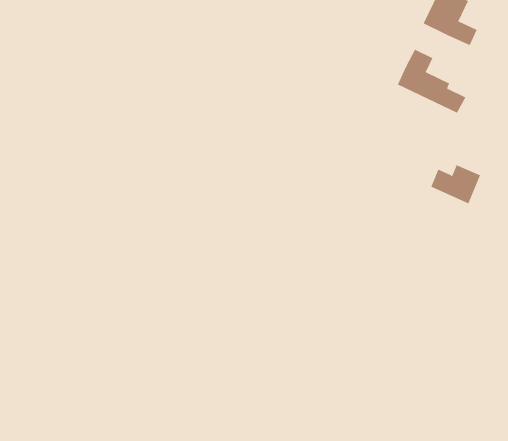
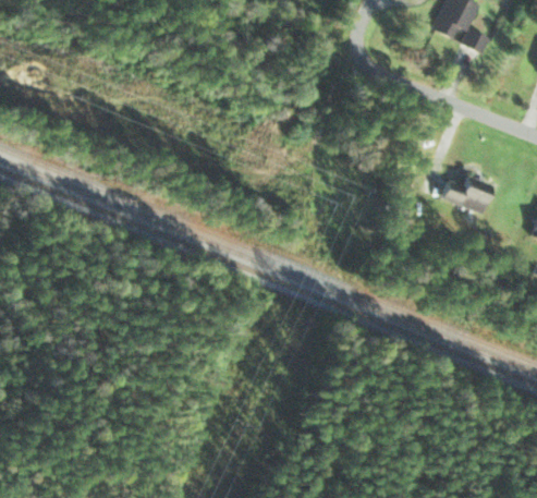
building: [397,49,466,114] -> none

